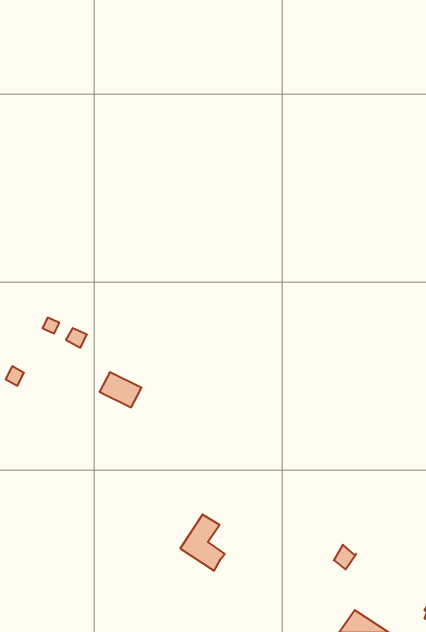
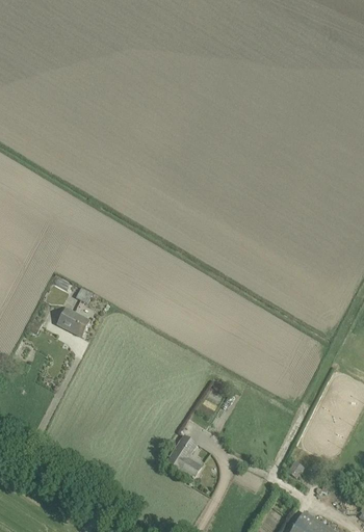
building: [99,372,142,407] -> [56,310,89,338]

